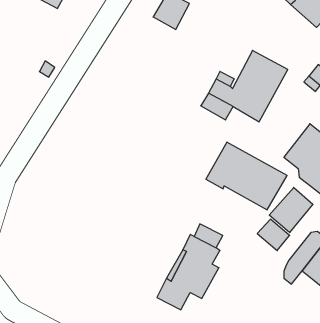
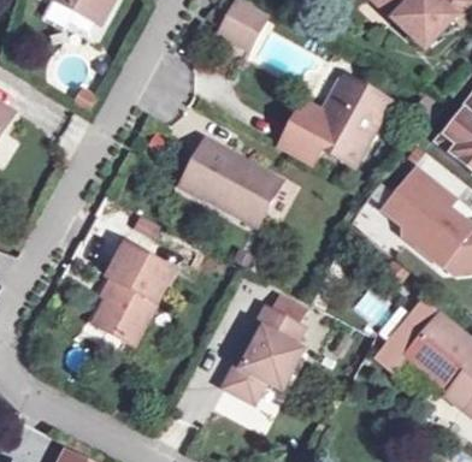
building: [206,142,287,210] -> [178,138,281,224]
building: none -> [93,243,172,343]
building: [269,187,313,233] -> none

